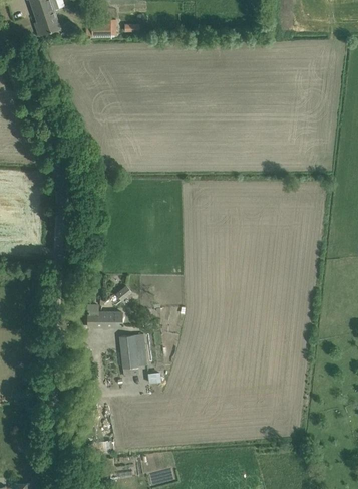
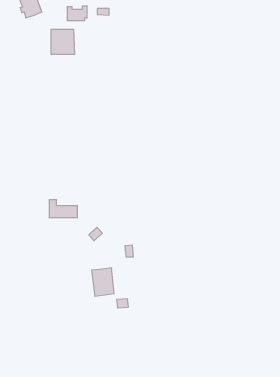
building: none -> [51,29,74,55]
building: [88,305,122,326] -> [49,200,78,218]

